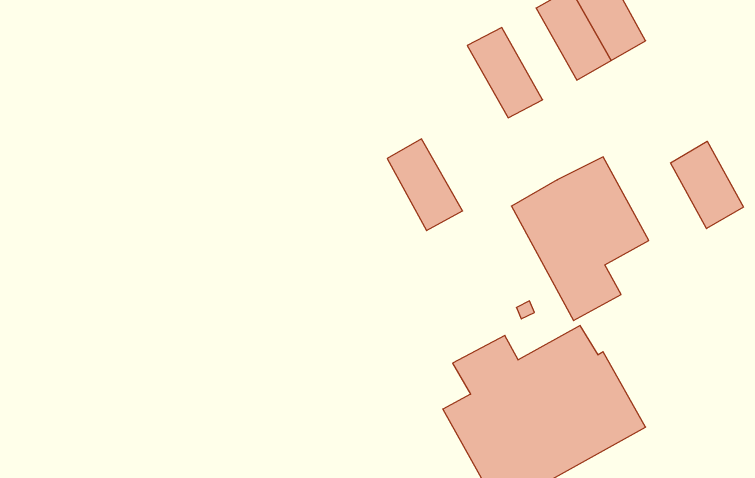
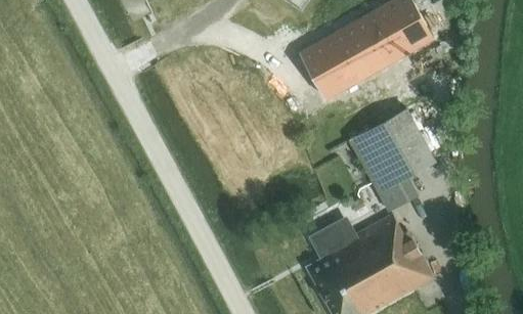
building: none -> [344,16,391,74]
building: [387,139,463,231] -> [301,40,348,97]
building: [671,141,743,229] -> none

